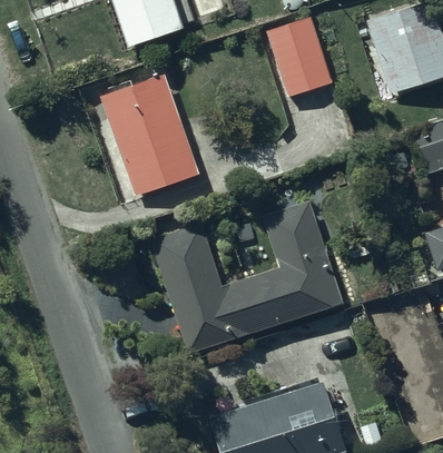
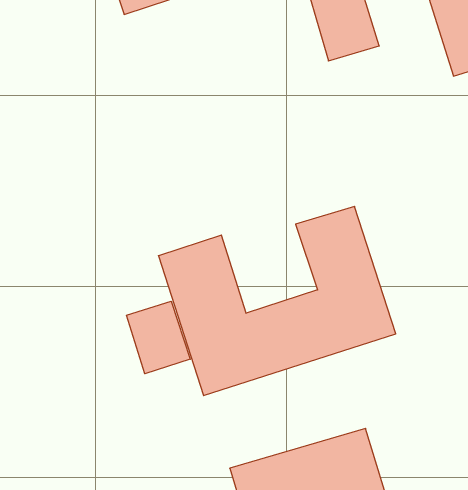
building: [102,76,196,195] -> none
building: none -> [127,301,190,374]

